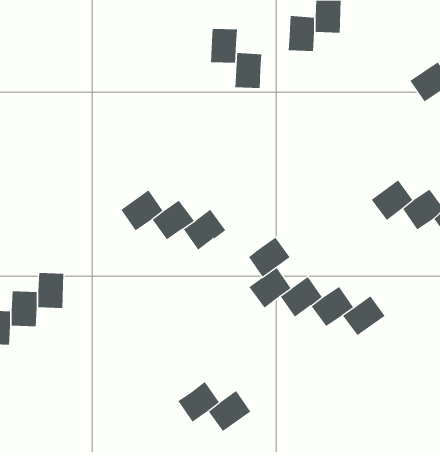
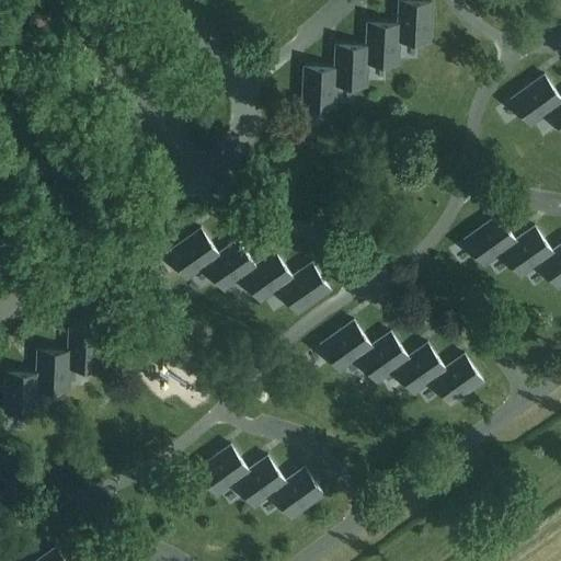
building: [210,28,238,63] -> [334,46,367,88]
building: [248,237,291,277] -> [278,265,329,313]
building: none -> [197,447,249,496]

